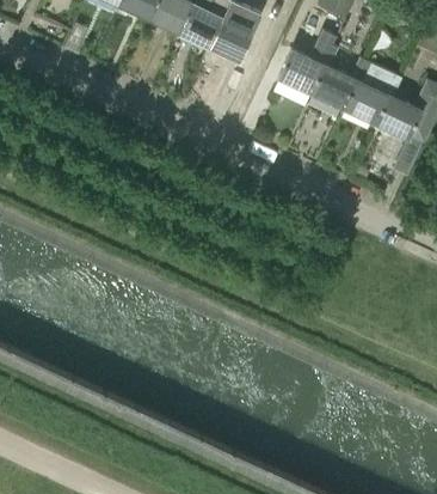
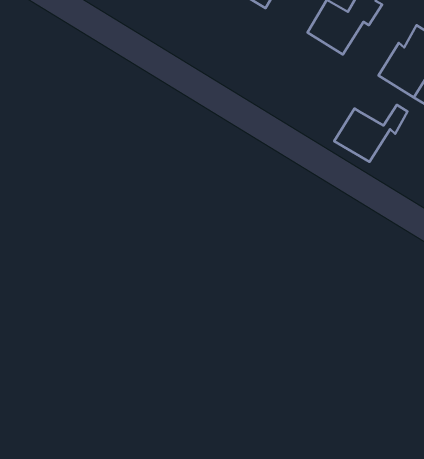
building: [310,57,370,109] -> [334,105,407,162]

